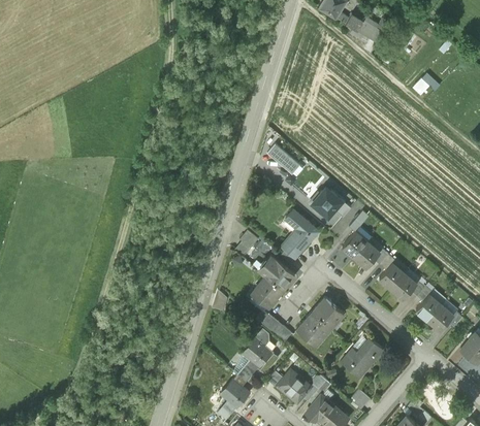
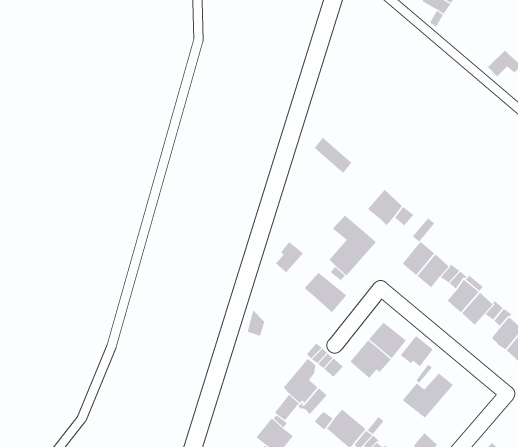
building: [251,276,283,308] -> none
building: none -> [400,335,433,367]

